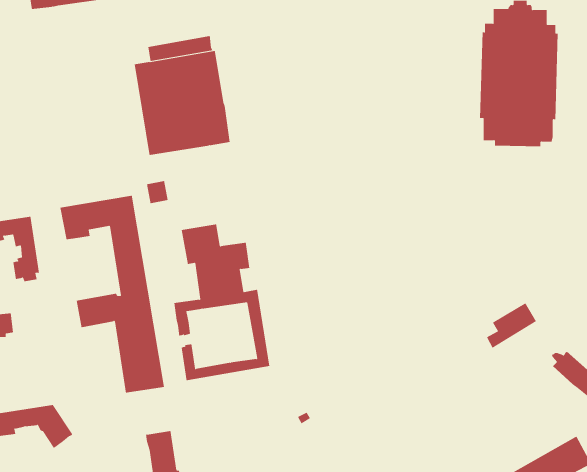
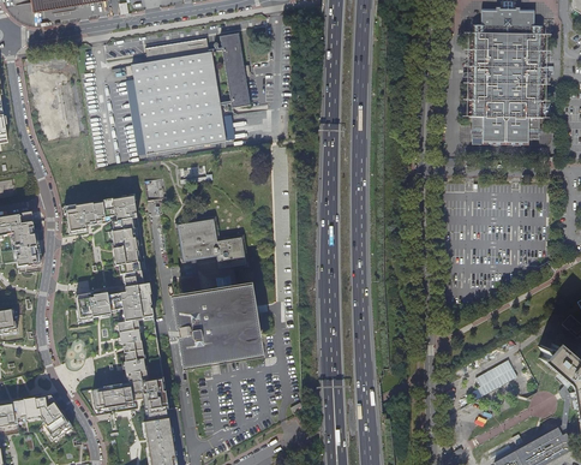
building: none -> [220,31,250,106]
building: [486,303,537,348] -> [472,359,521,404]
building: none -> [178,296,251,359]
building: none -> [90,377,168,423]

